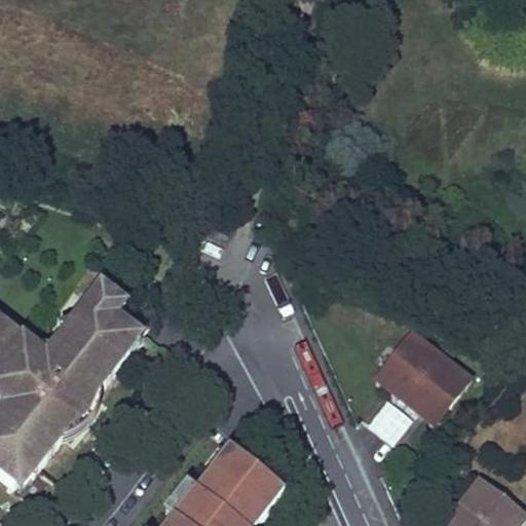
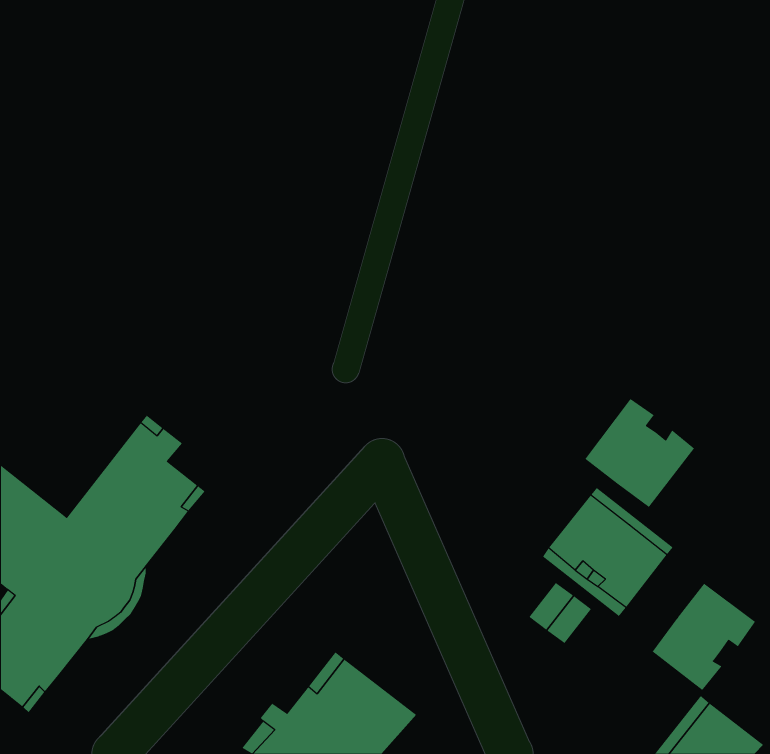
building: none -> [585,398,695,508]
building: none -> [652,583,756,691]

